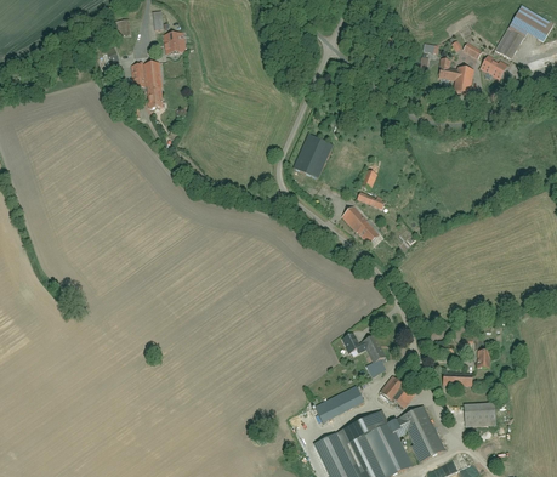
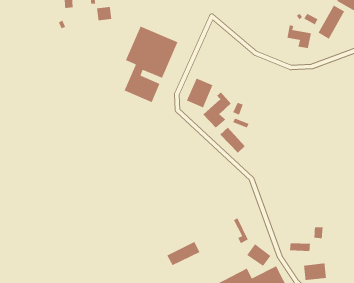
building: none -> [123,26,178,103]
building: [131,61,163,108] -> none
building: none -> [203,92,232,128]
building: [313,385,363,421] -> [166,241,201,266]

